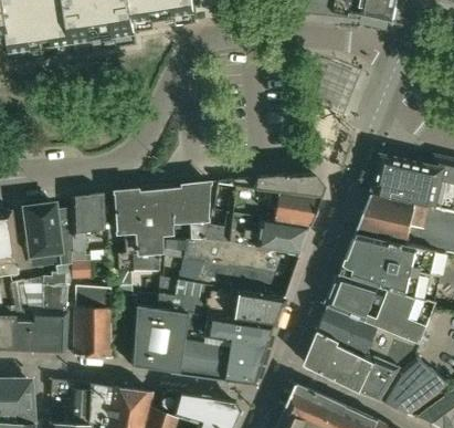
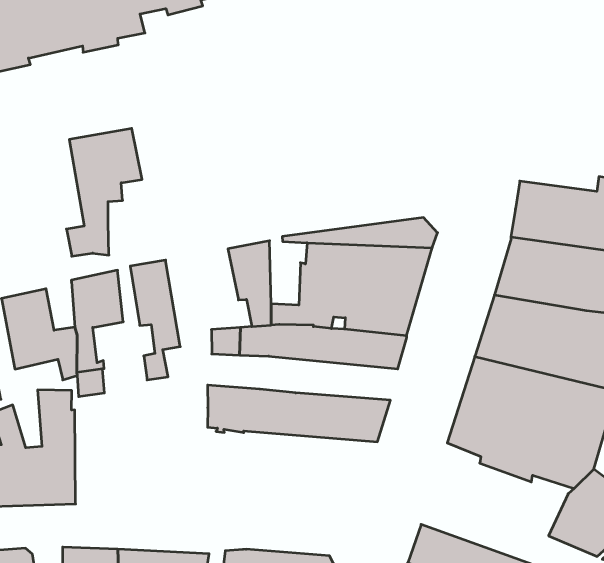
building: [130,186,184,271] -> [66,128,142,256]
building: [194,261,289,297] -> none
building: [74,286,110,358] -> none
building: [131,302,272,385] -> none
building: [306,330,403,398] -> none

